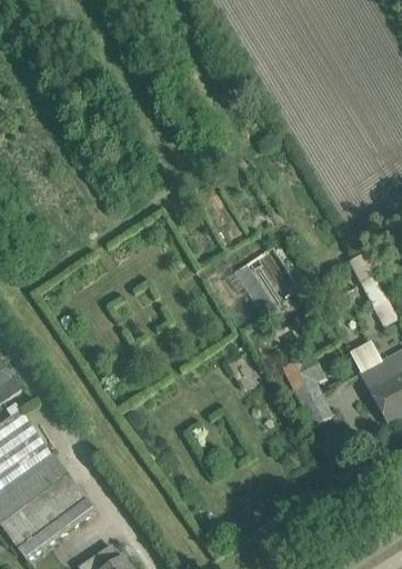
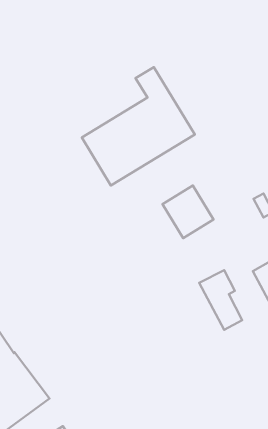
building: none -> [82,67,195,185]

